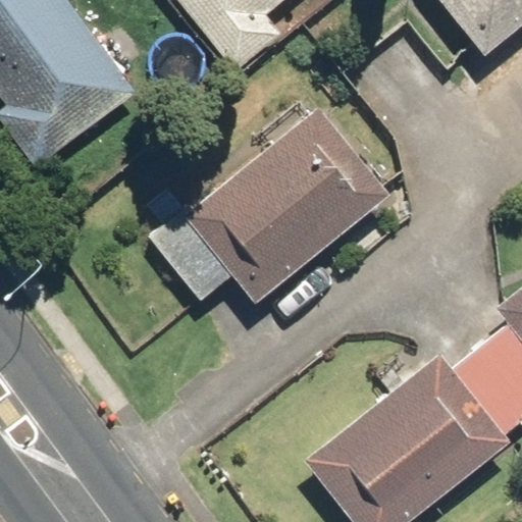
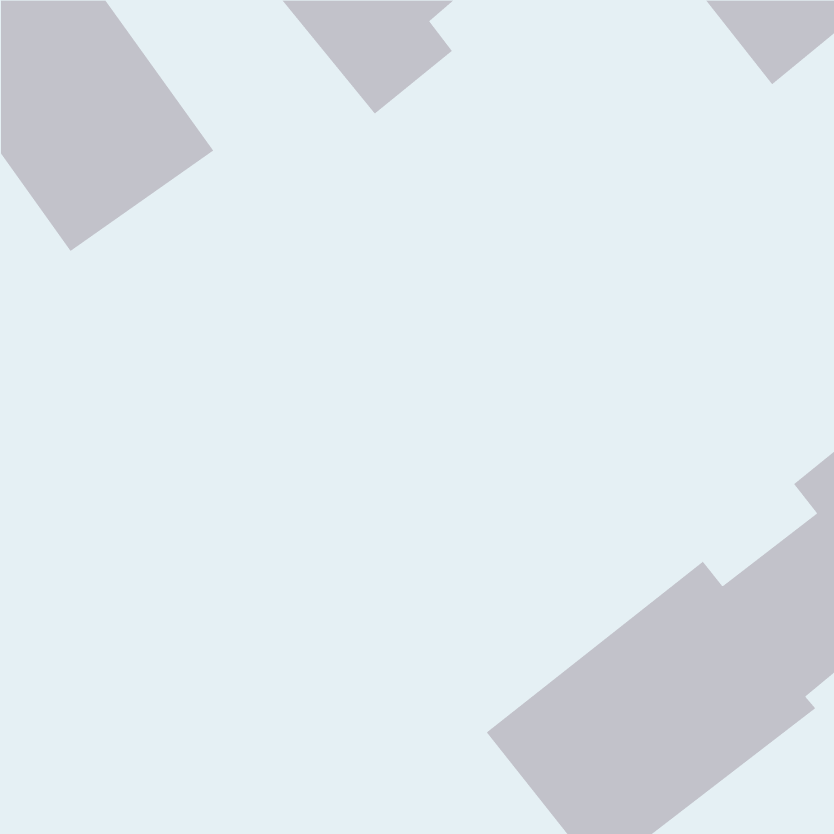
building: [185,107,390,303] -> none

